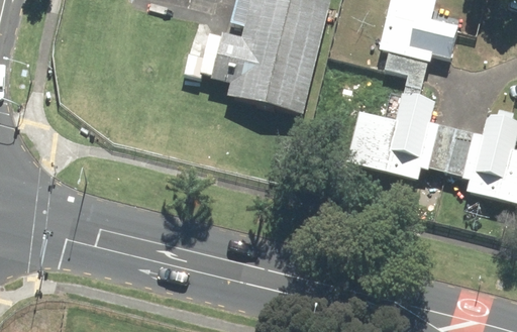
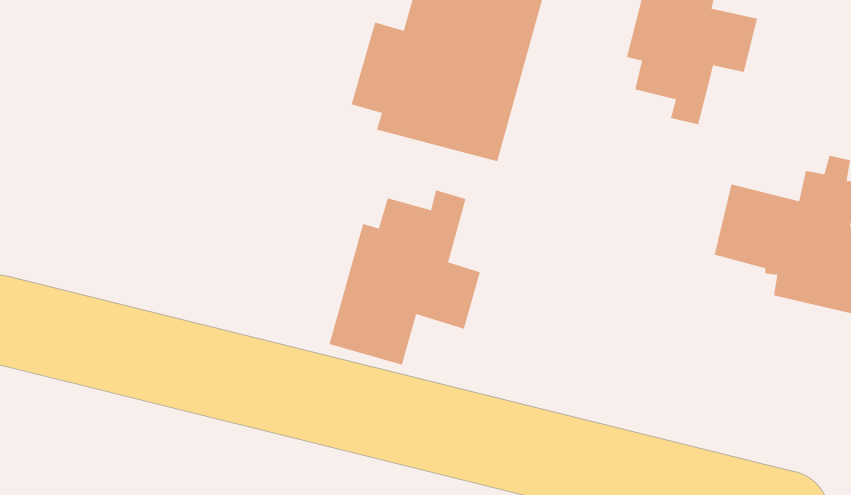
building: [344,93,437,179] -> none
building: none -> [329,189,481,365]

